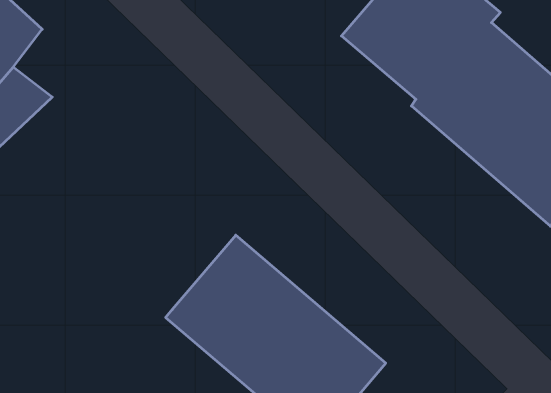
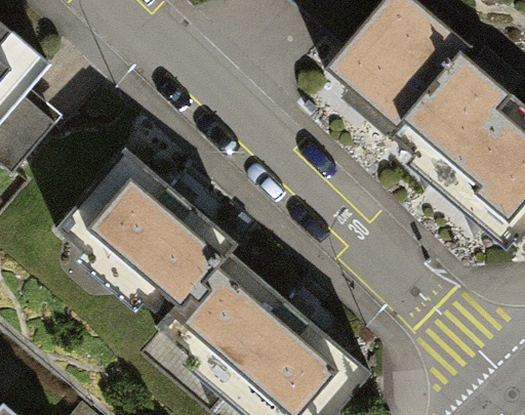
building: none -> [58,149,234,319]

